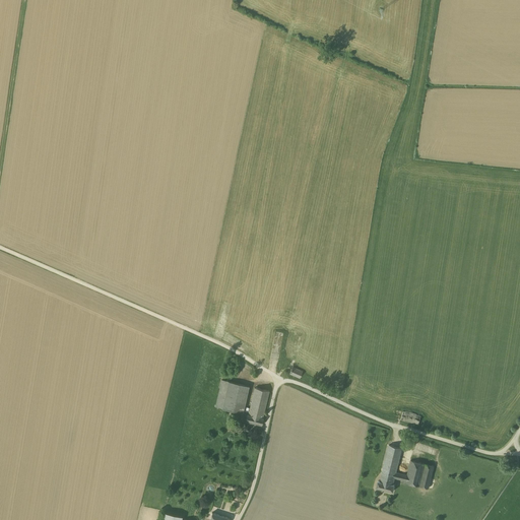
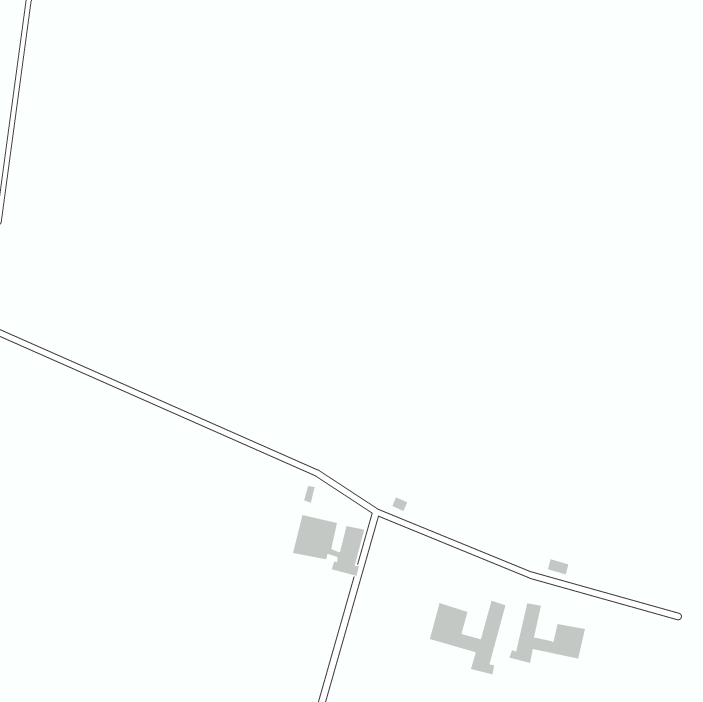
building: none -> [429,600,506,675]

